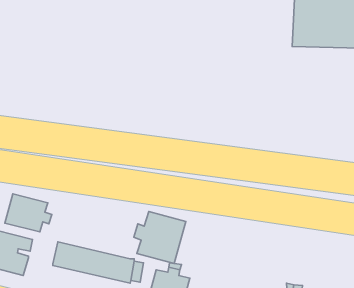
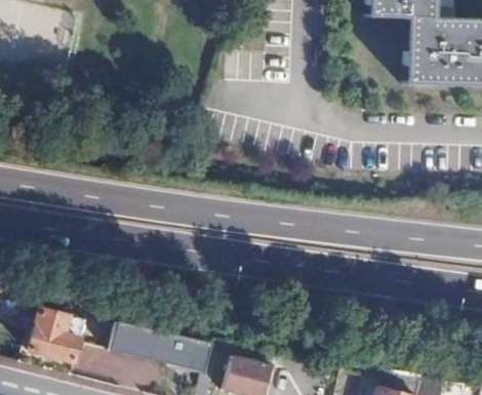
building: [5,194,52,232] -> none
building: [134,212,186,263] -> none

